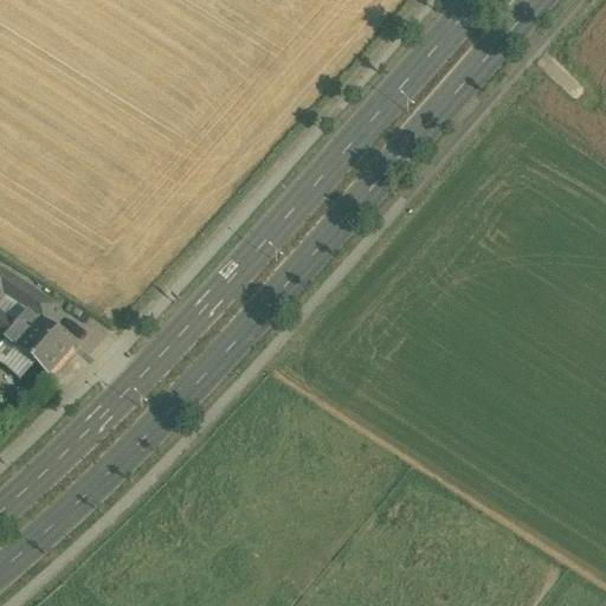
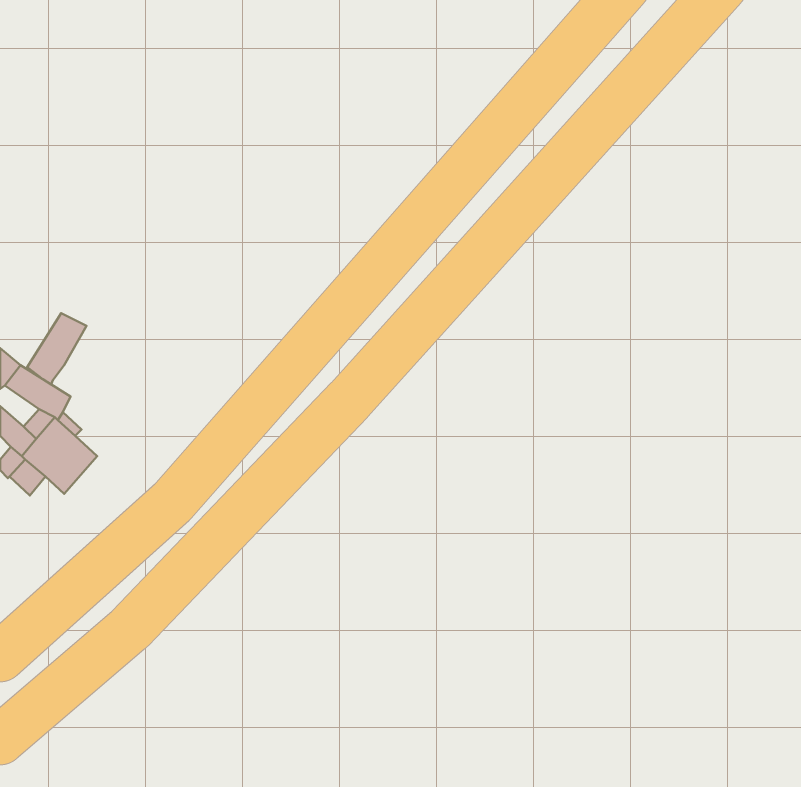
building: none -> [27,313,87,385]

